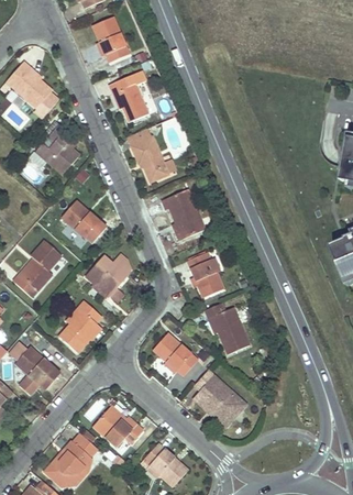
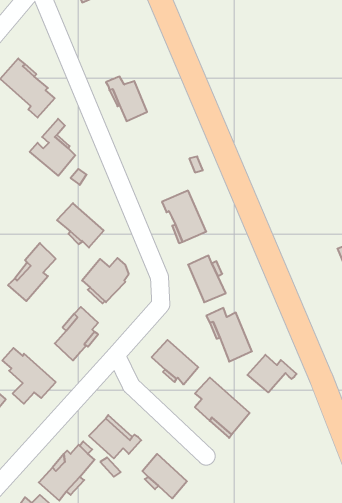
building: [93,17,129,62] -> none
building: [128,129,168,180] -> none
building: none -> [247,355,297,392]

